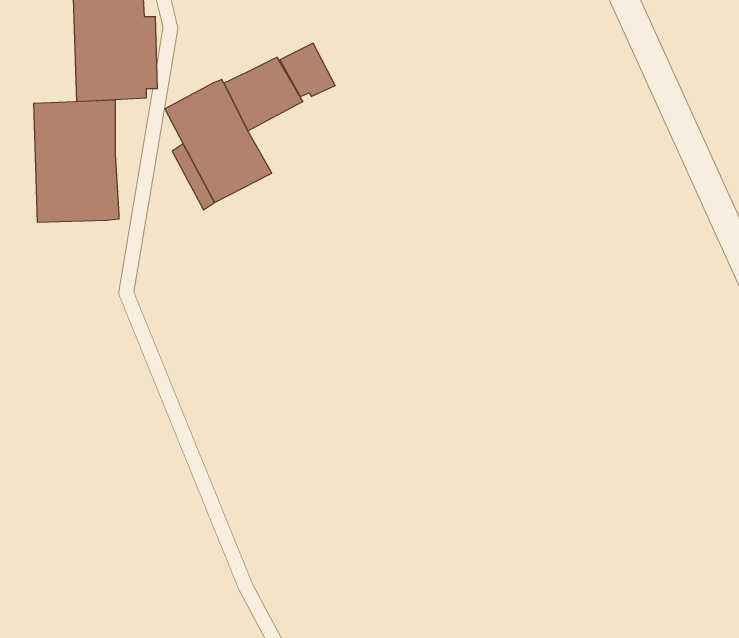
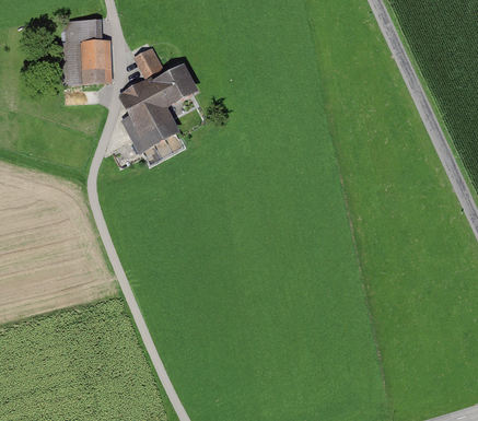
building: [280,43,335,97] -> [133,46,166,78]
building: [34,100,119,222] -> none

